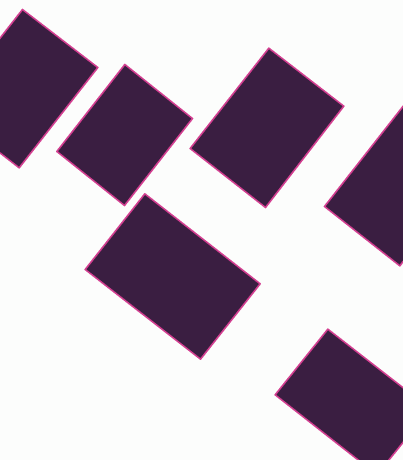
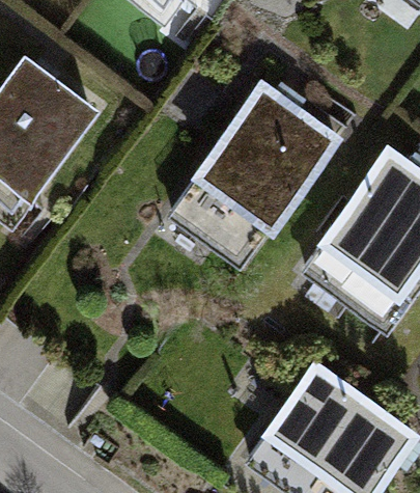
building: [57,65,192,205] -> none
building: [85,194,260,359] -> none

